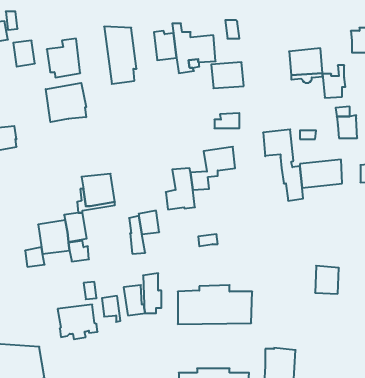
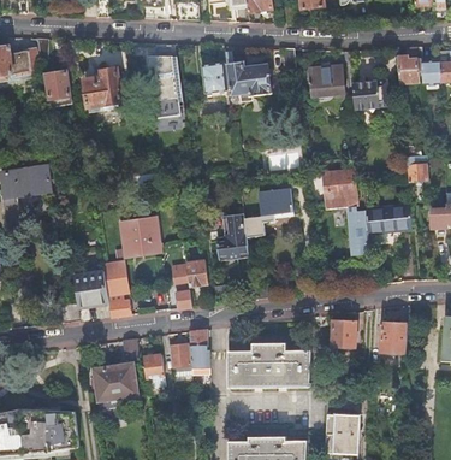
building: [211,62,244,88] -> [308,66,344,95]
building: [323,65,345,98] -> [397,47,422,83]
building: [46,83,86,122] -> none
building: none -> [332,320,356,347]

